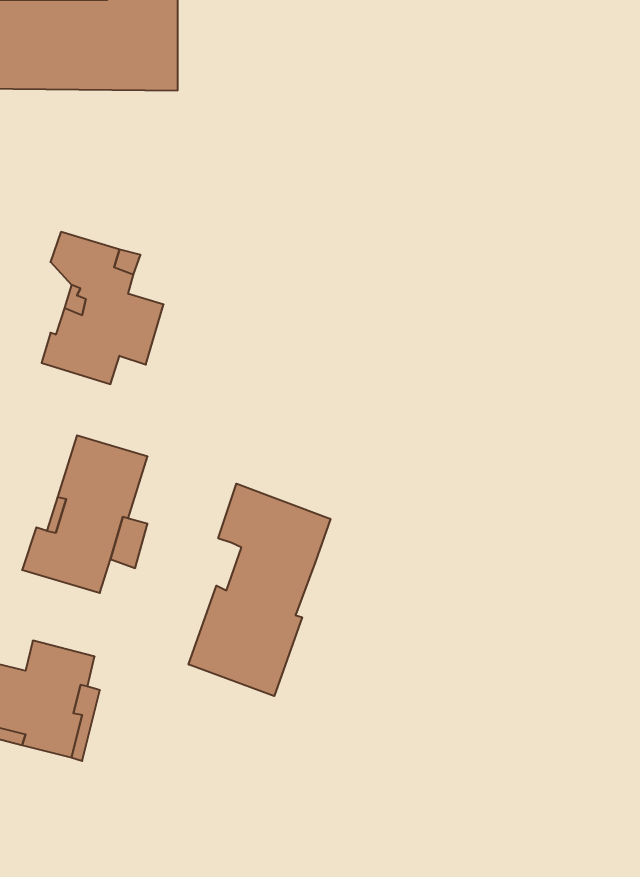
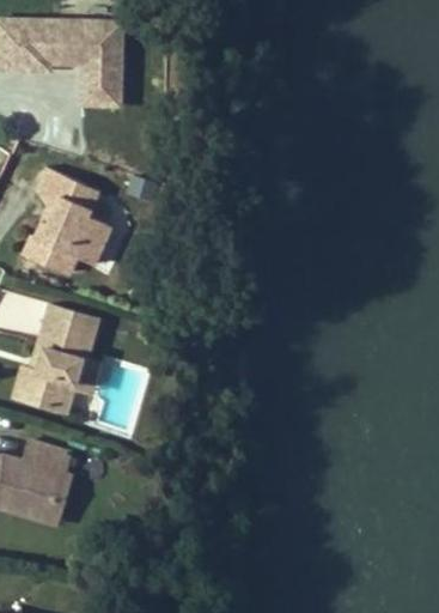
building: none -> [72,74,120,103]
building: [189,484,330,696] -> none

